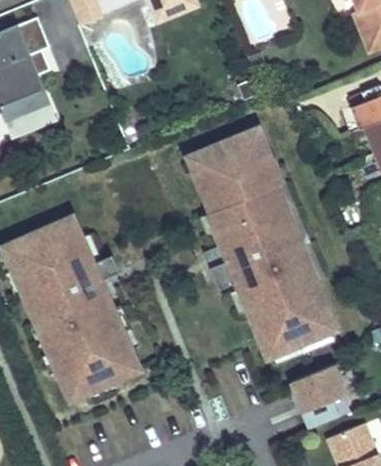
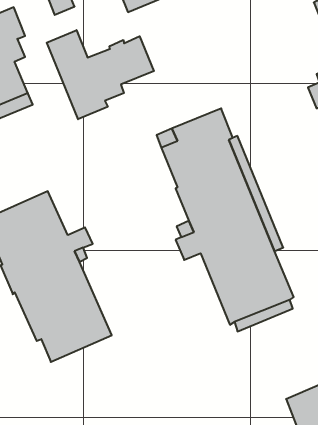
building: none -> [47,30,154,119]
building: [291,363,344,427] -> none

